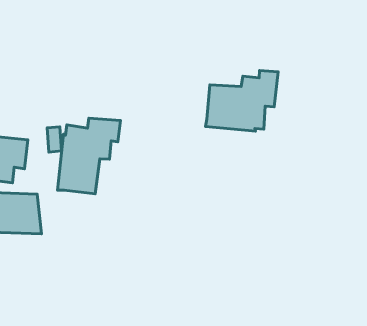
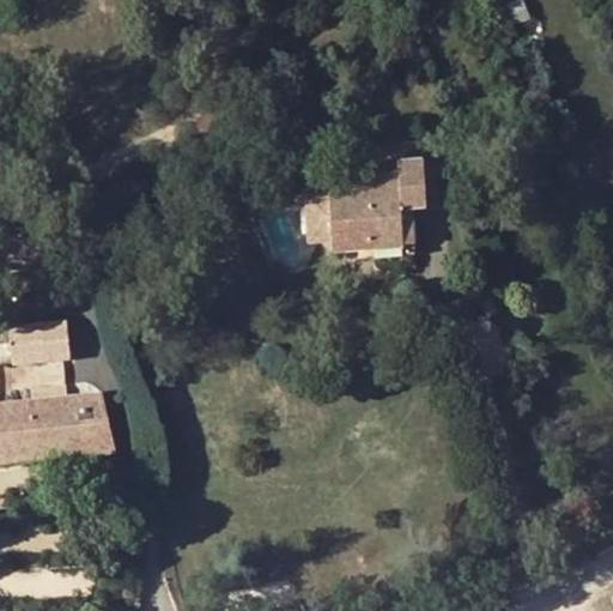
building: none -> [298,193,327,244]
building: [57,118,120,194] -> none

